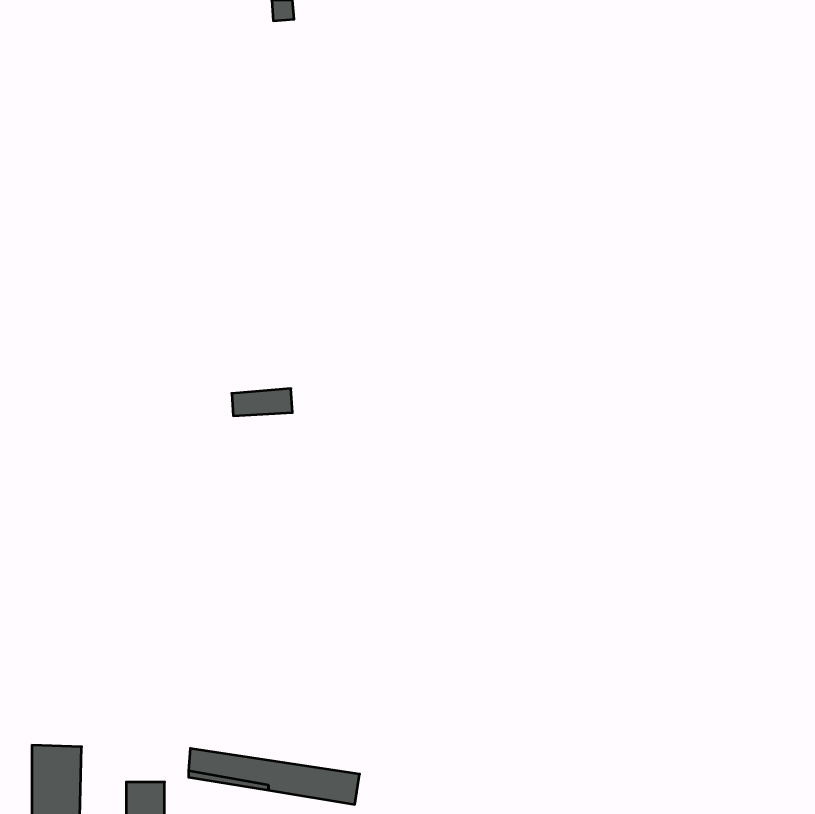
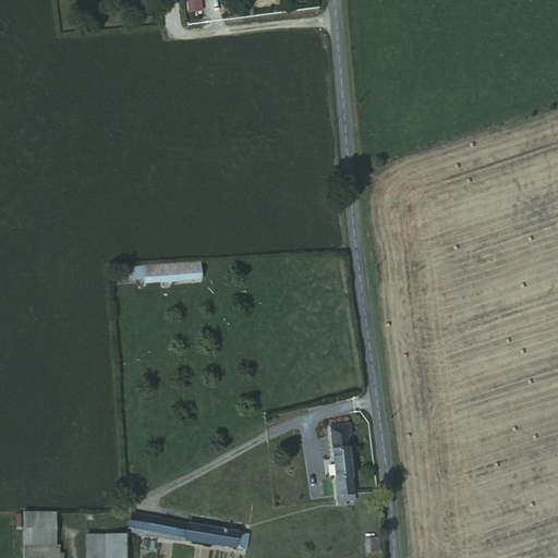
building: none -> [332,427,354,499]

